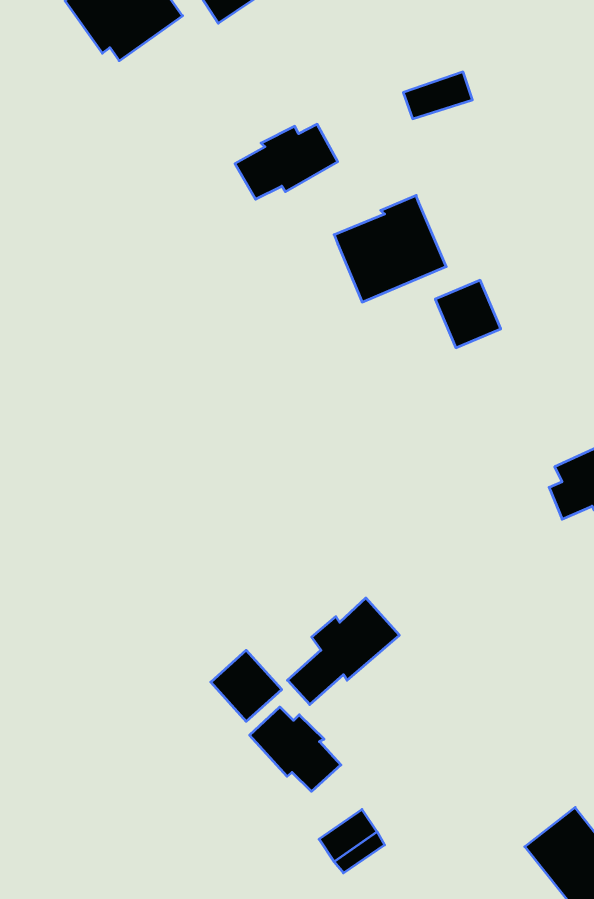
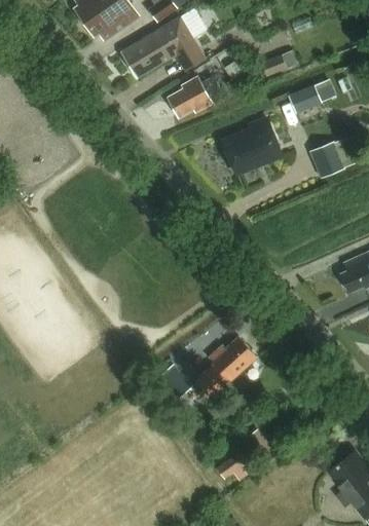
building: none -> [121,16,207,79]
building: none -> [288,85,322,115]
building: [435,280,501,348] -> [308,143,344,180]
building: [250,707,341,791] -> none

